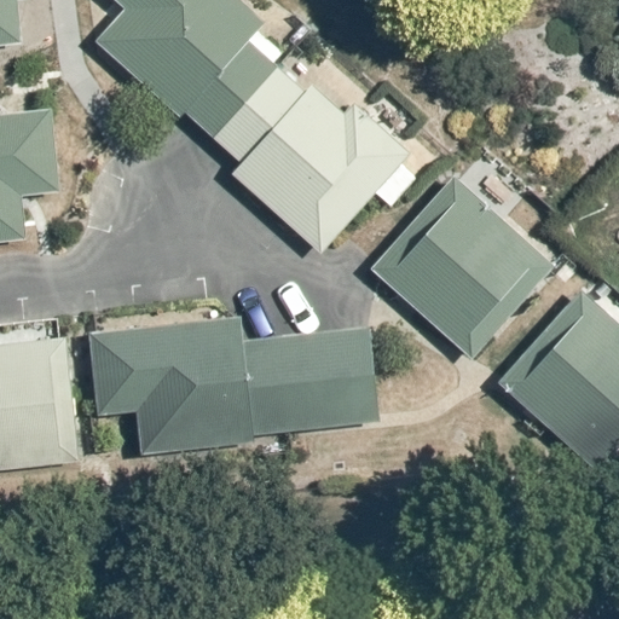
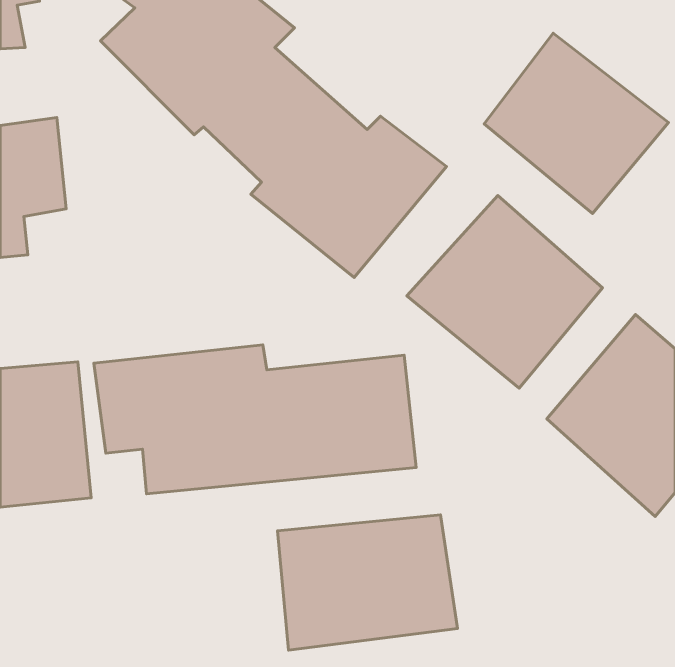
building: none -> [484,33,669,214]
building: none -> [277,515,457,650]

